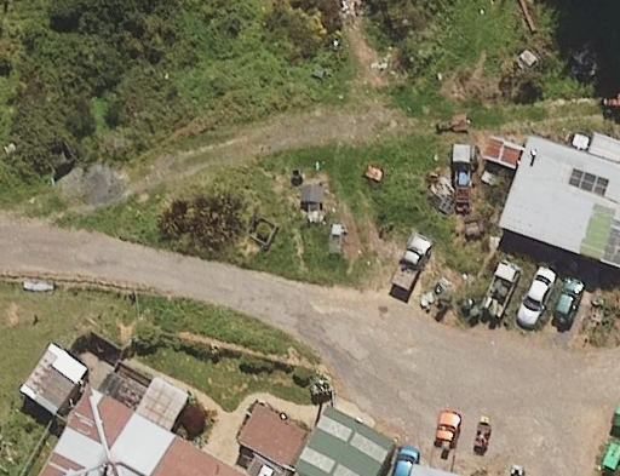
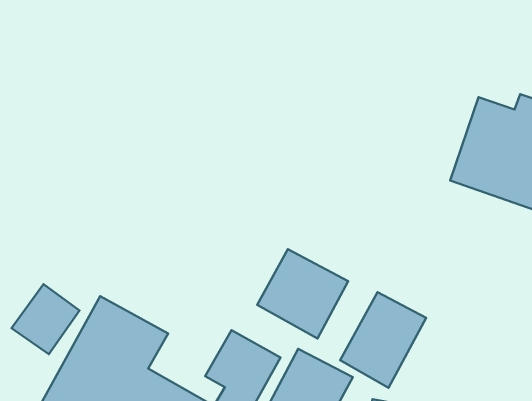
building: none -> [257,249,348,338]
building: none -> [340,292,426,388]

